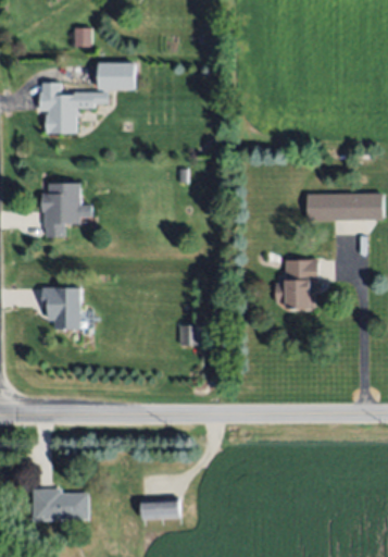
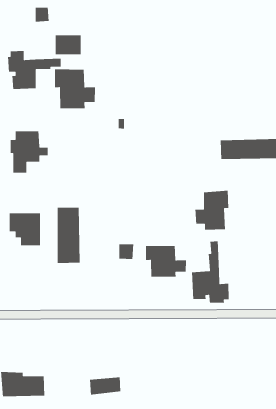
building: none -> [54,69,96,109]
building: none -> [57,207,80,264]
building: none -> [191,240,229,304]
building: none -> [145,245,187,278]

